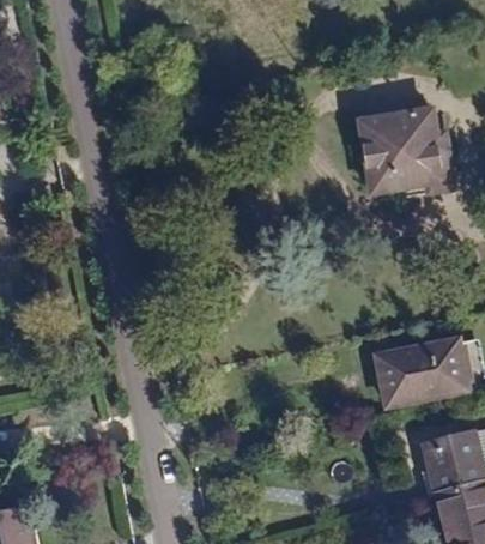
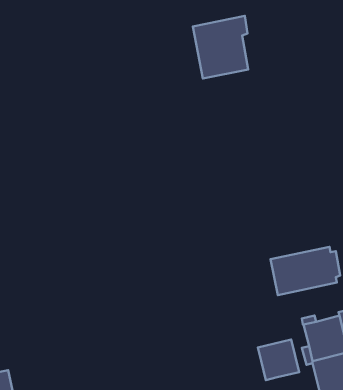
building: [354,111,429,195] -> [193,16,248,78]
building: none -> [258,339,299,380]

